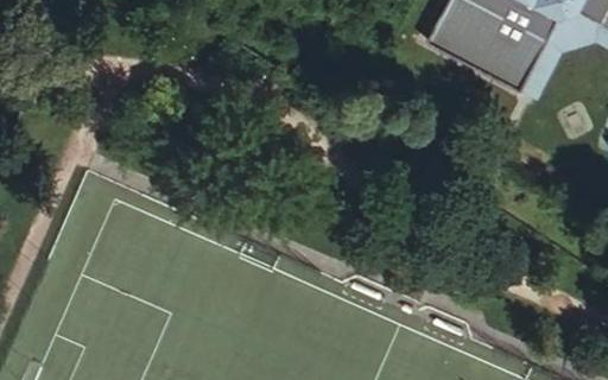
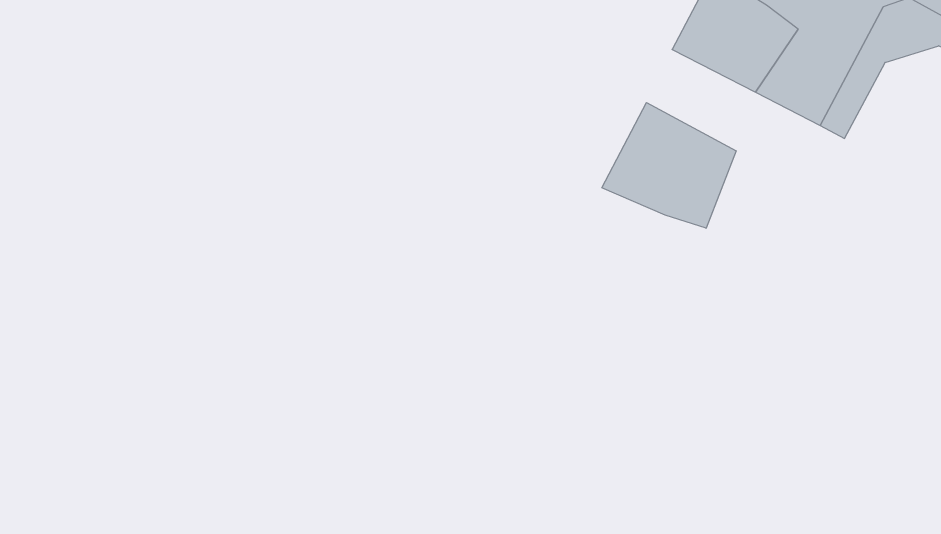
building: none -> [602,103,736,228]

